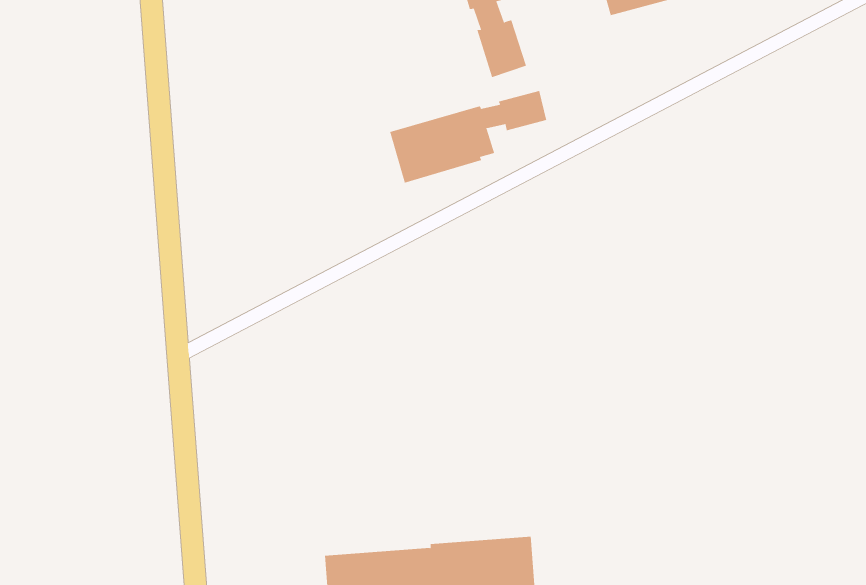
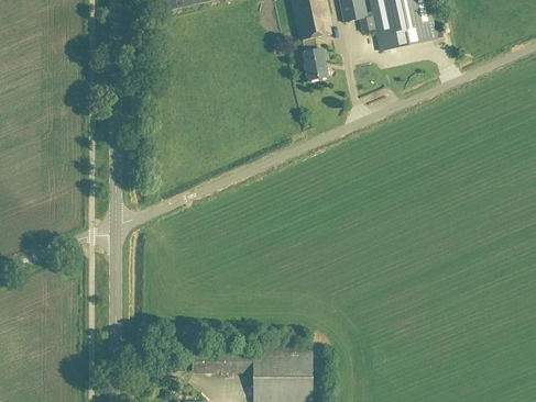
building: [390,90,547,183] -> none

